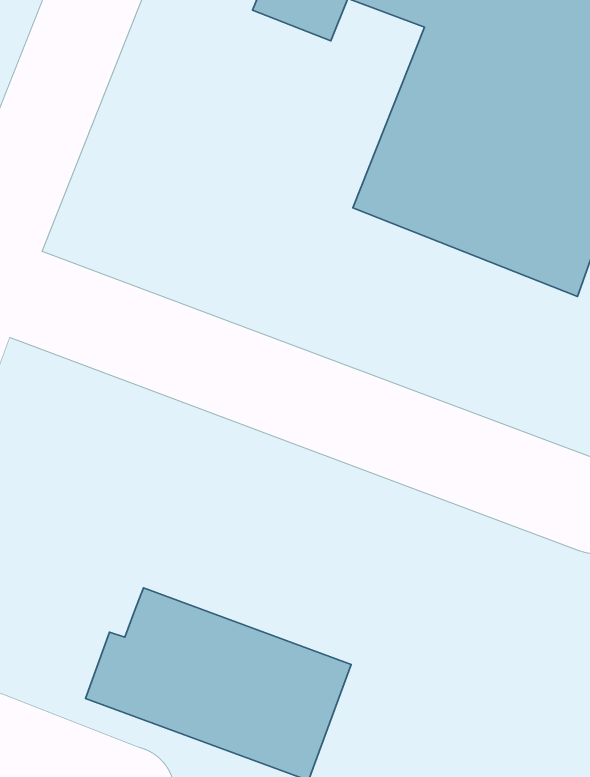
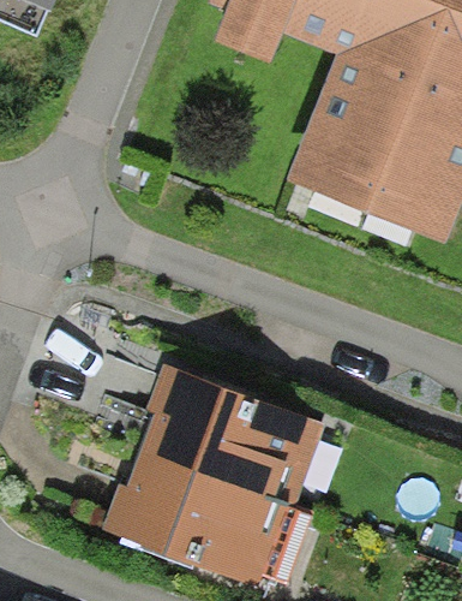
building: none -> [140,362,325,507]

